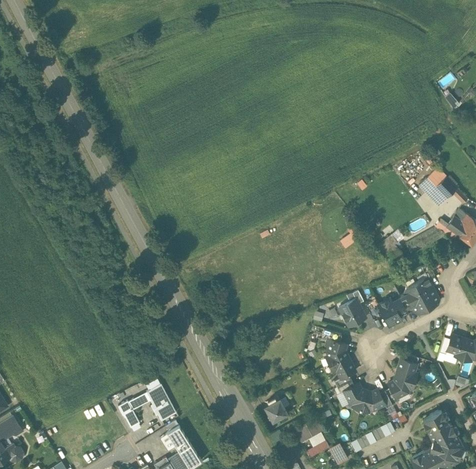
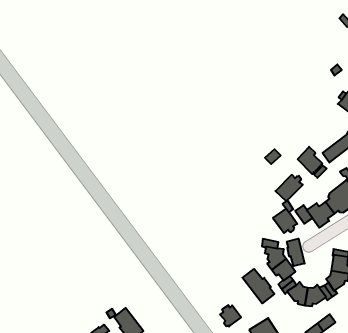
building: none -> [275,175,303,201]
building: none -> [287,239,305,266]
building: none -> [242,269,274,303]

